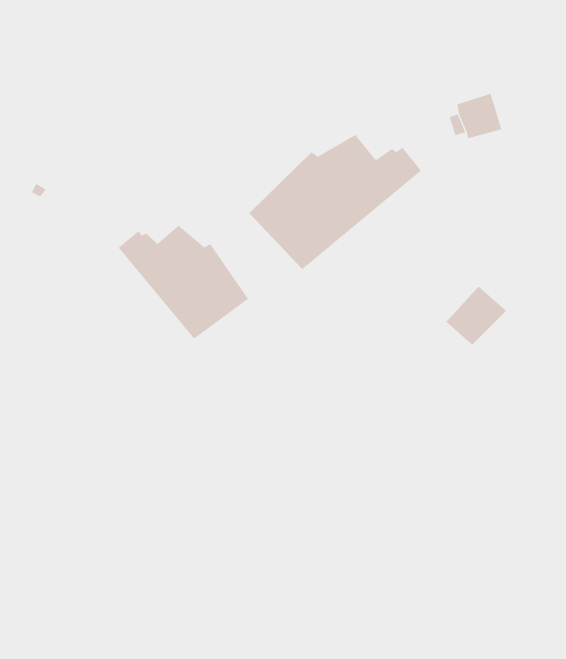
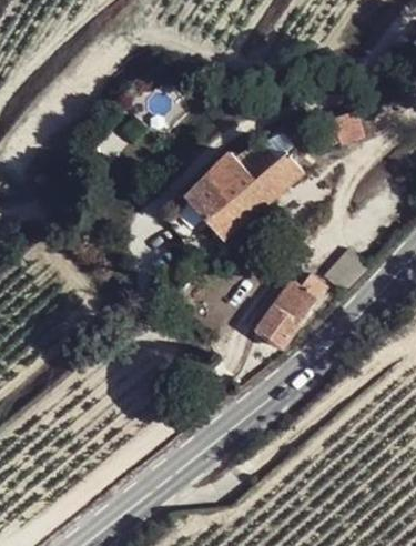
building: [118,225,249,340] -> none
building: none -> [253,273,325,350]

